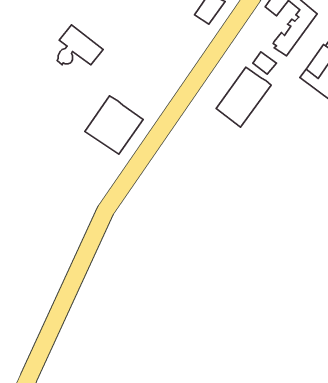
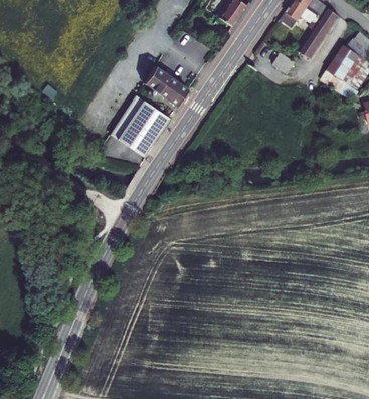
building: [57,25,103,65] -> [143,66,188,106]
building: [216,67,271,127] -> none

